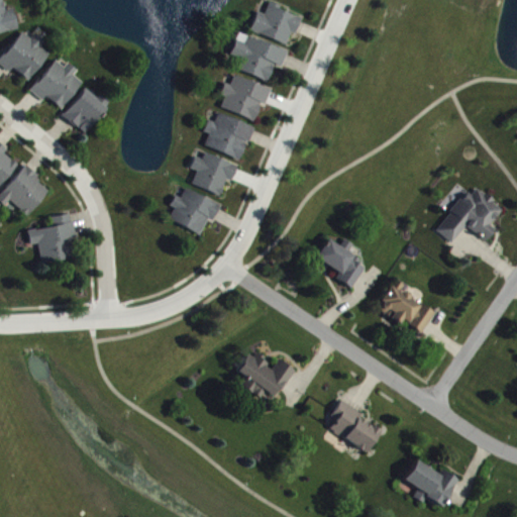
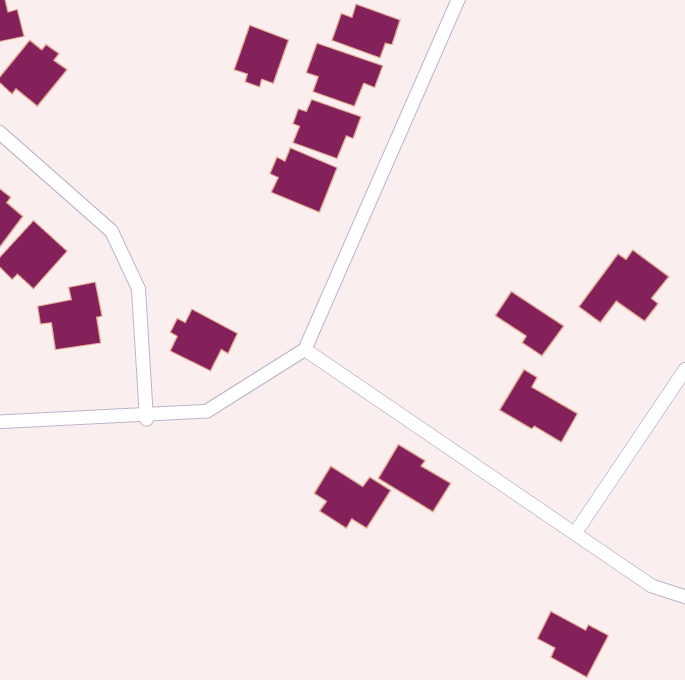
building: none -> [234,25,288,87]
building: [30,59,83,108] -> none
building: [63,89,106,133] -> none
building: [190,152,237,194] -> none
building: [170,187,220,233] -> [170,309,237,371]
building: [315,238,367,287] -> [495,291,564,356]
building: [325,400,380,450] -> [378,445,451,512]

